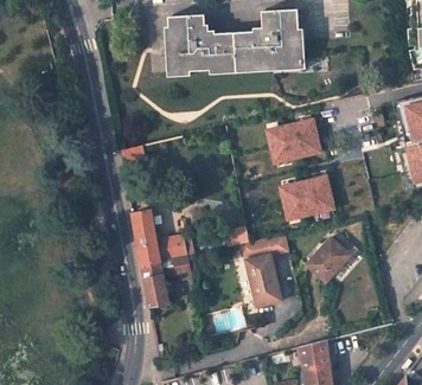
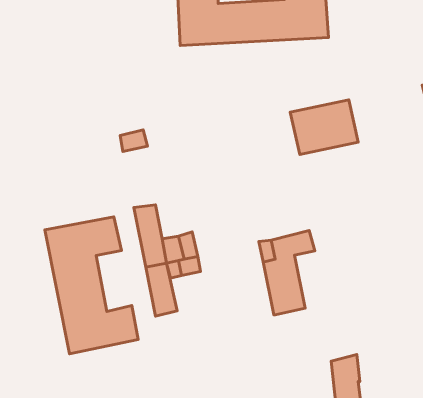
building: [281,175,340,223] -> none
building: none -> [45,217,138,354]
building: [306,236,350,282] -> none

